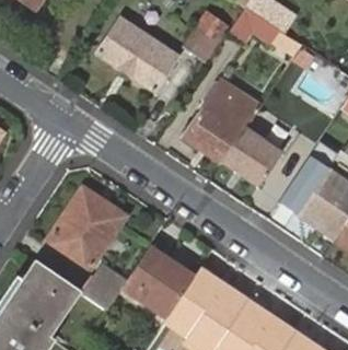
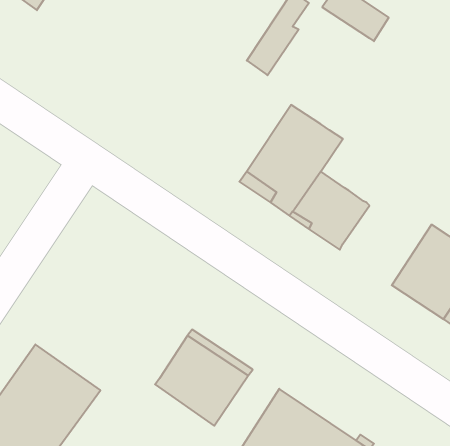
building: [229,8,281,45] -> none
building: [100,20,178,90] -> none
building: [269,159,320,215] -> none
building: [46,188,125,272] -> none
building: [84,267,126,310] -> none

